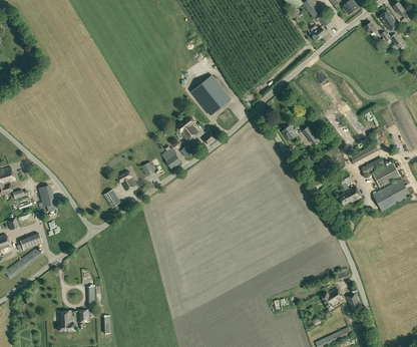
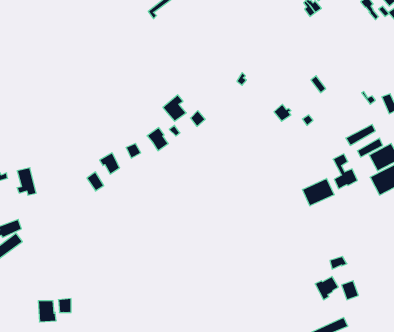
building: [192,75,231,114] -> none
building: none -> [303,178,334,206]

